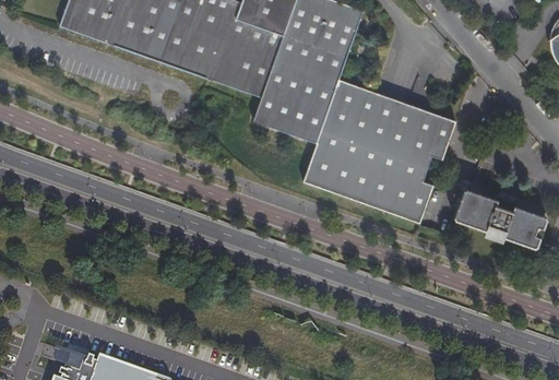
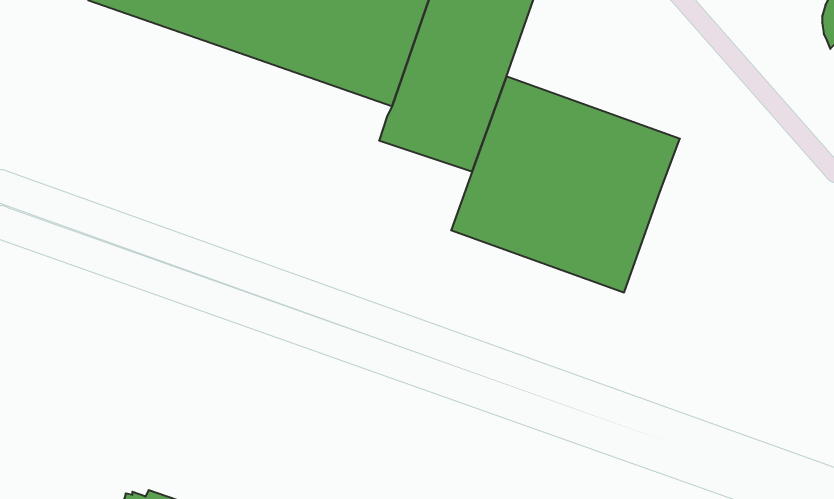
building: [453,188,547,249] -> none

